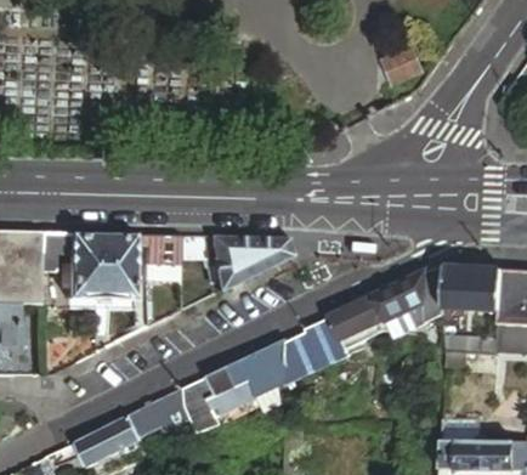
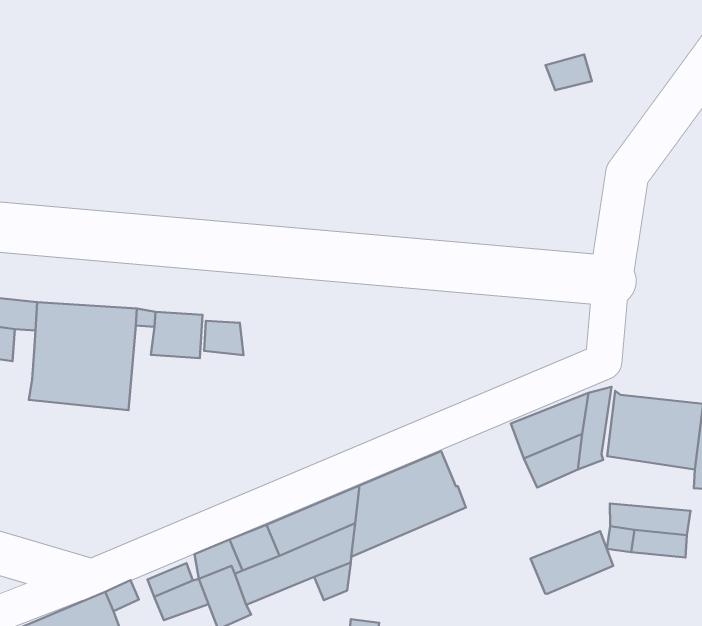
building: [209,236,290,290] -> none
building: [338,292,391,334] -> [530,531,613,594]

